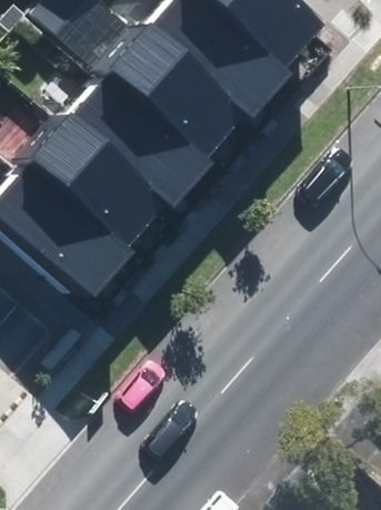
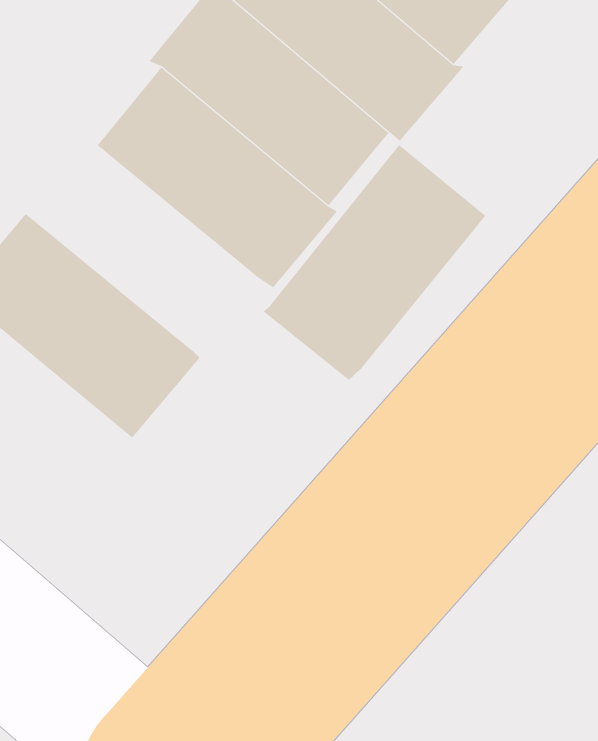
building: [20,116,164,249] -> none
building: none -> [262,144,486,381]

